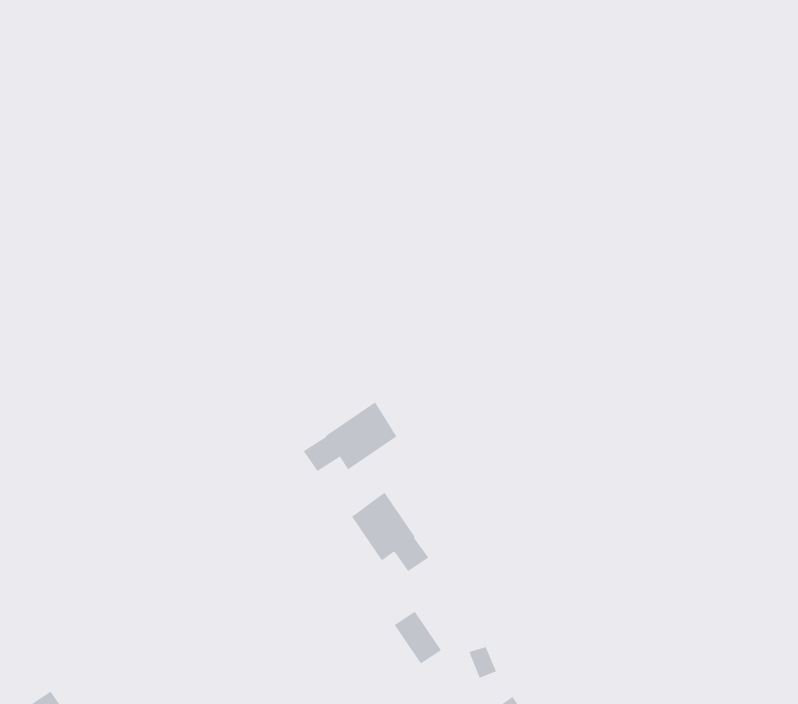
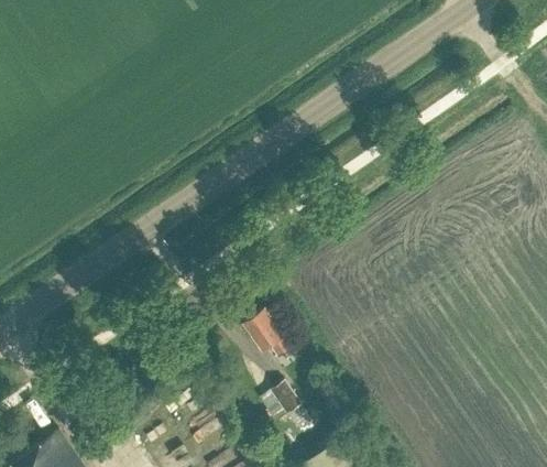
building: [303,401,397,472] -> none

